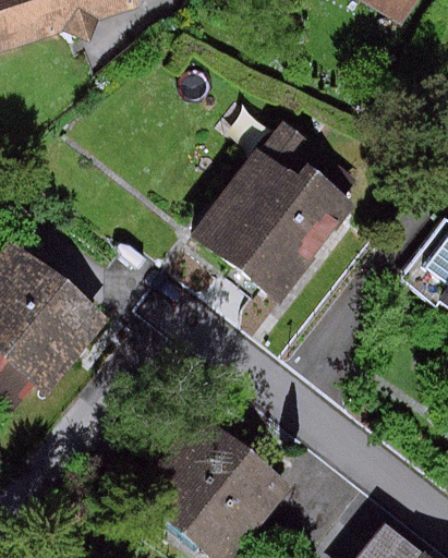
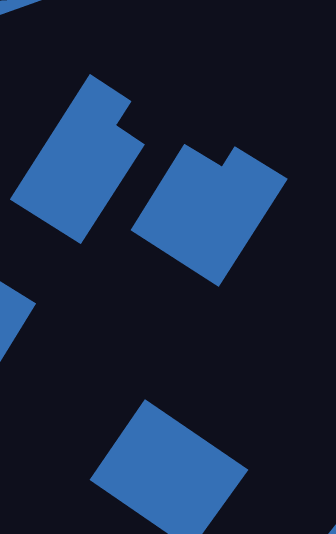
building: none -> [9,73,146,245]

